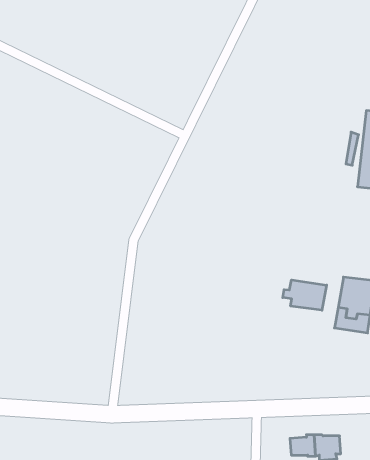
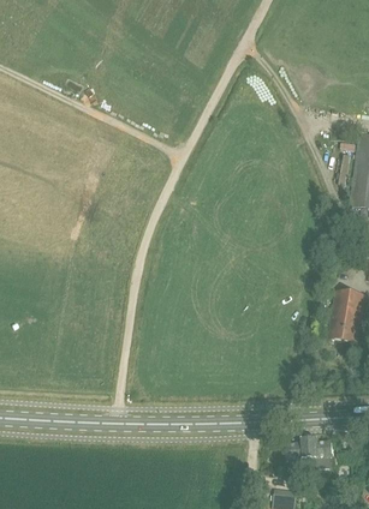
building: [283,280,327,310] -> none

